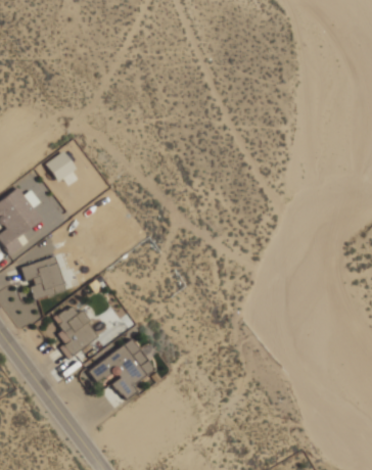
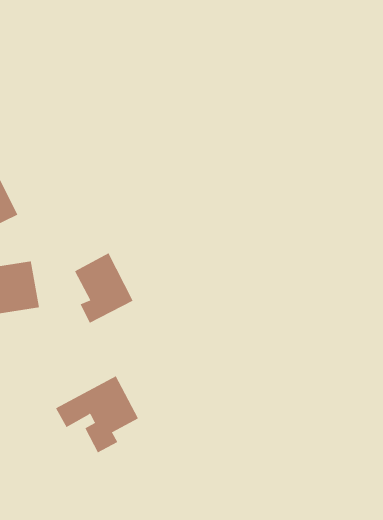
building: [46,152,77,183] -> none
building: [51,301,100,359] -> [74,252,134,324]

